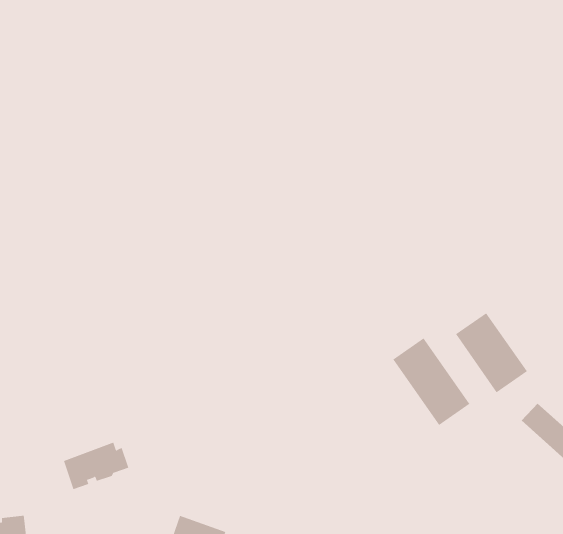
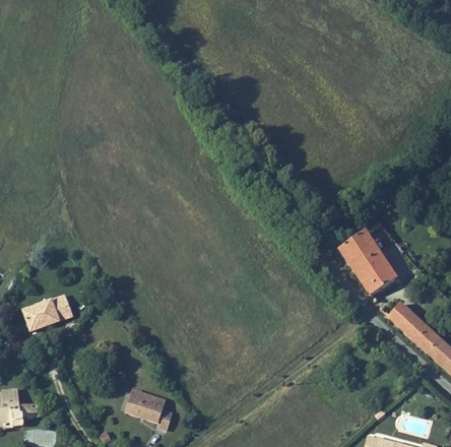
building: [393,337,470,426] -> none
building: [63,442,129,490] -> [24,295,73,330]

